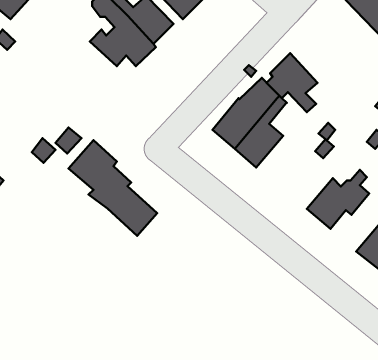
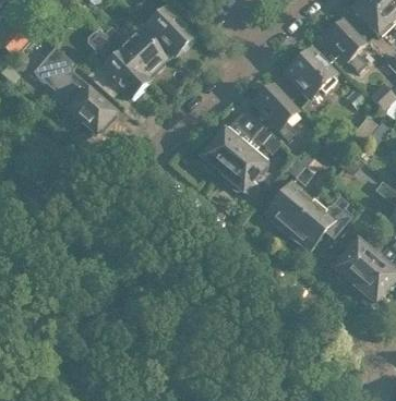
building: none -> [287,48,337,98]
building: [69,140,157,236] -> [32,45,113,133]
building: none -> [266,182,312,229]

